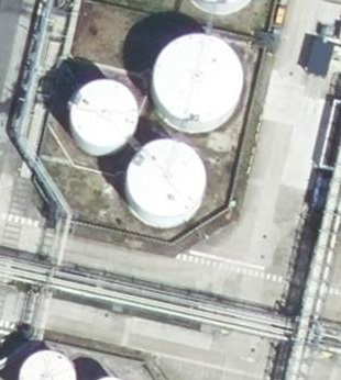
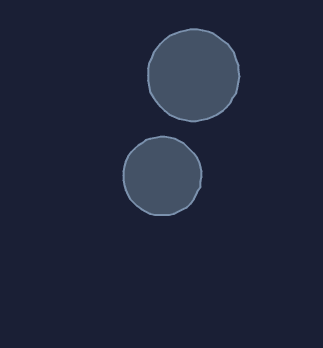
building: [70,81,136,147] -> none

